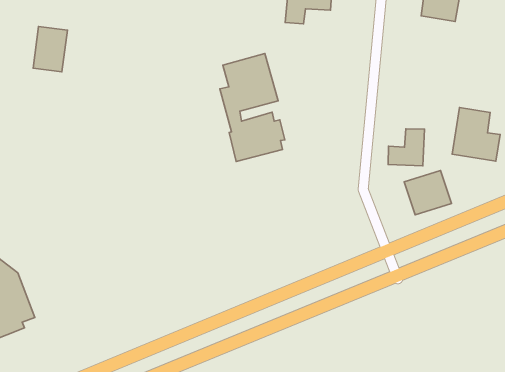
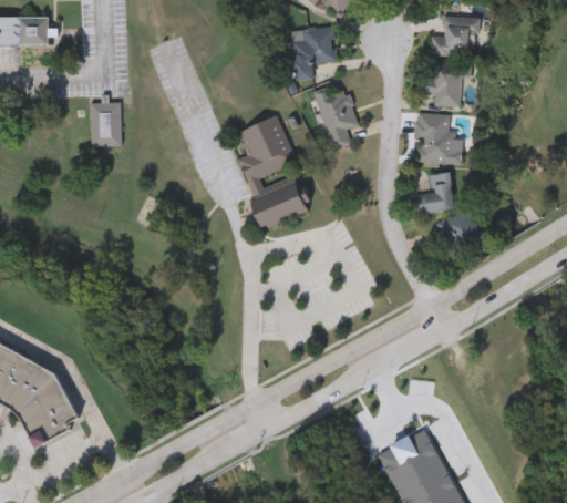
building: none -> [416,61,471,106]
building: [33,26,68,72] -> [91,103,121,146]
building: none -> [317,86,358,151]
building: [452,107,500,161] -> [415,112,462,162]

